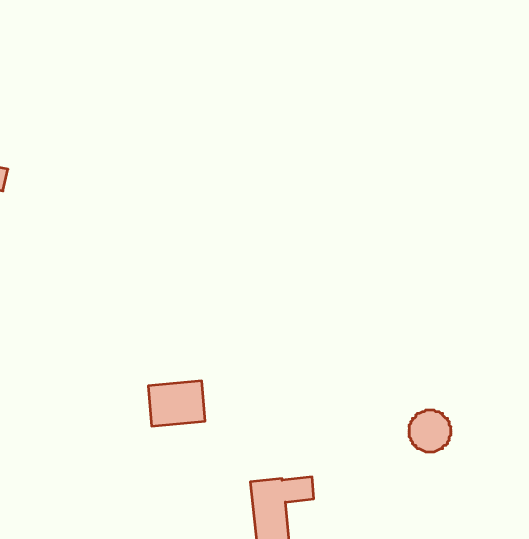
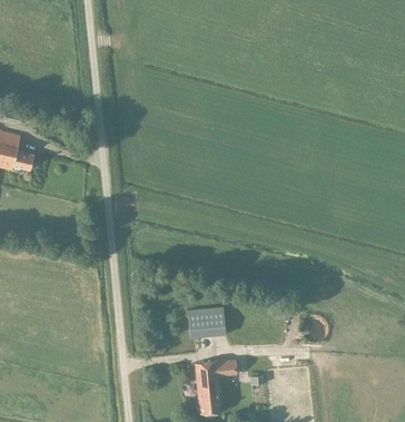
building: [148,381,205,426] -> [187,307,225,337]

